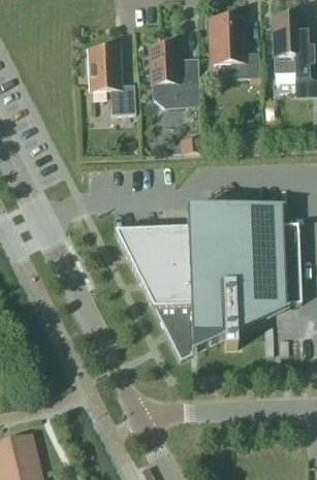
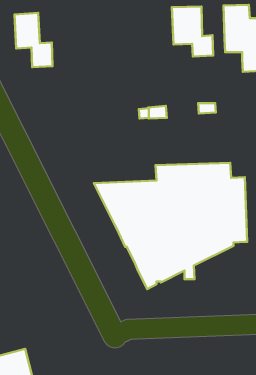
building: [150,43,200,106] -> none
building: [90,45,136,111] -> [14,13,53,67]

